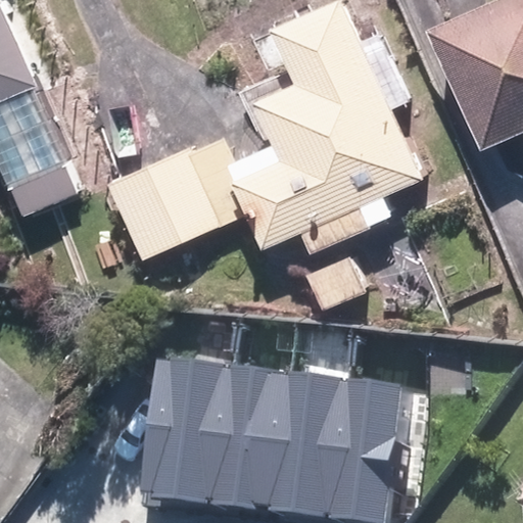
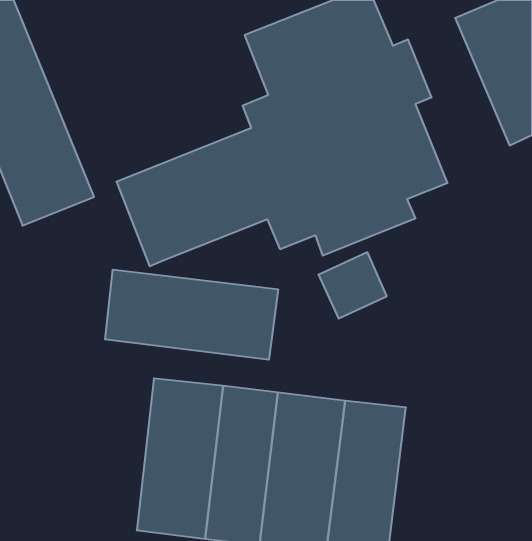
building: none -> [105,270,278,360]

